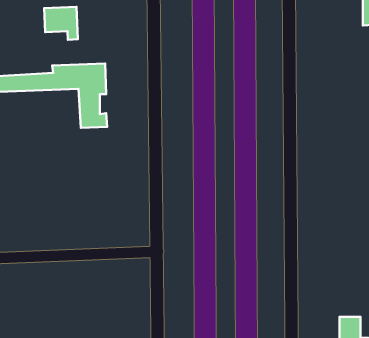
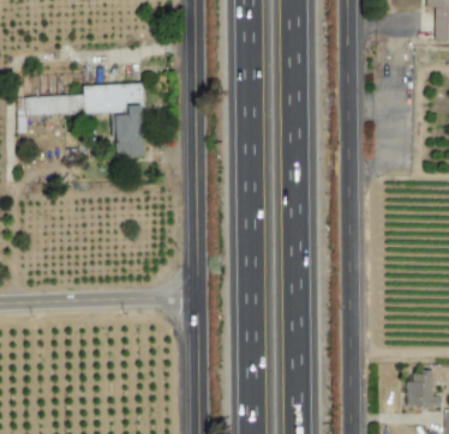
building: [44,7,78,40] -> none

